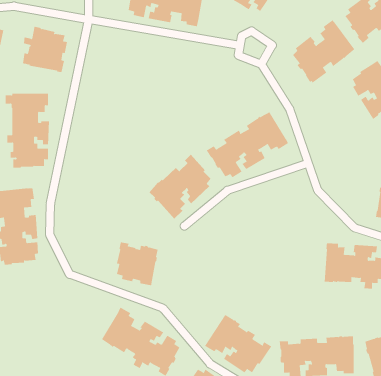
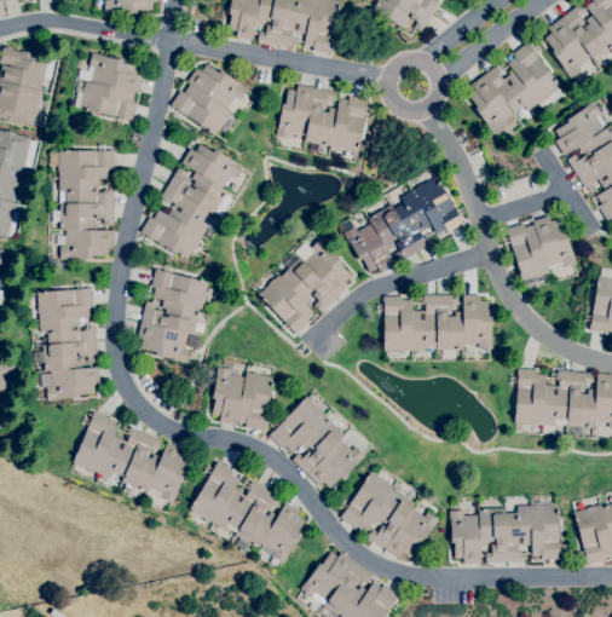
building: none -> [172,64,248,135]
building: none -> [277,85,368,154]
building: none -> [142,144,243,260]
building: none -> [507,215,578,281]
building: none -> [138,269,209,363]
building: none -> [385,294,495,358]
building: none -> [270,396,366,488]
building: none -> [74,411,190,503]

